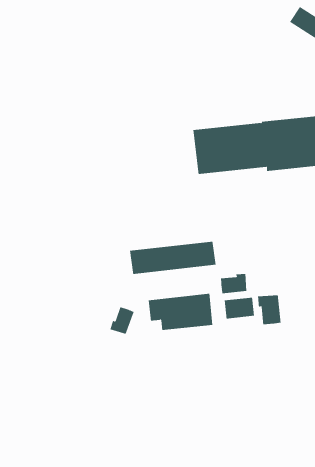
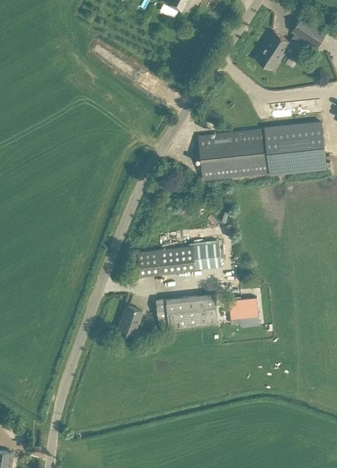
building: none -> [254,31,289,70]
building: [220,273,247,294] -> none
building: [257,295,281,325] -> none

